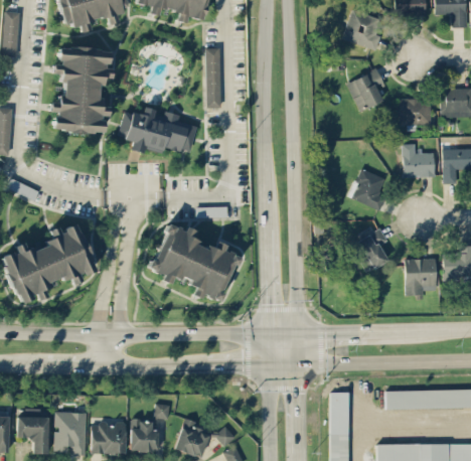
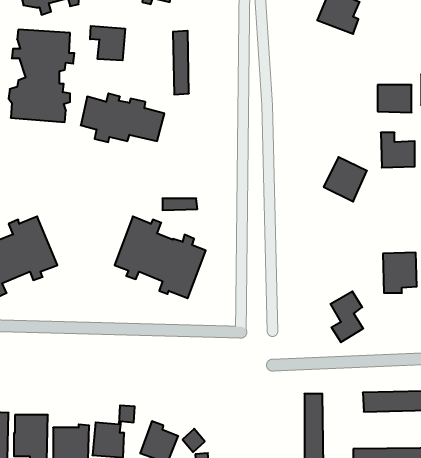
building: none -> [90,26,125,60]
building: [346,68,383,111] -> none
building: [357,224,388,273] -> [330,291,363,342]

